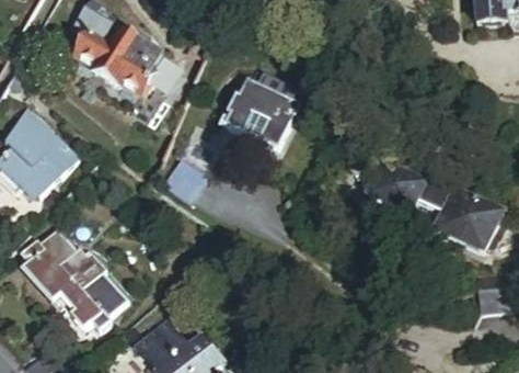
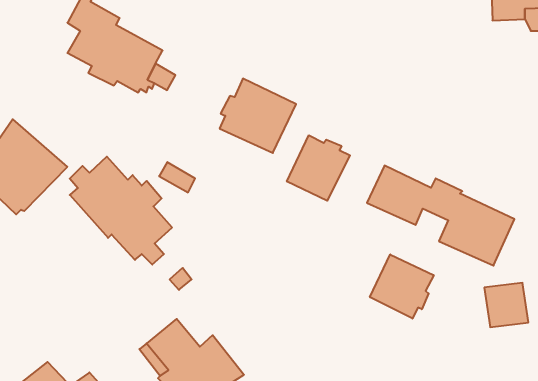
building: none -> [287,135,350,201]
building: [23,231,119,334] -> [70,157,172,265]
building: none -> [370,254,434,319]

